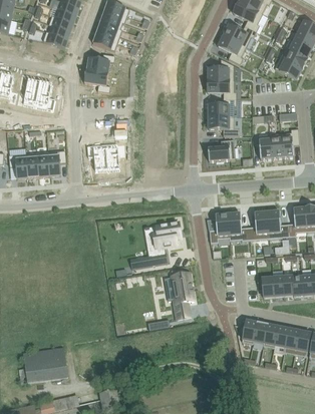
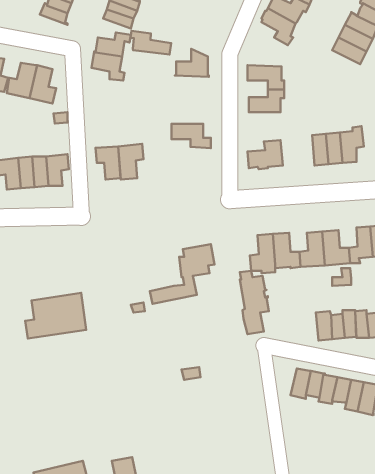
building: none -> [130,31,171,55]
building: [207,58,234,80] -> [175,49,209,77]
building: [208,116,239,135] -> [172,124,211,148]
building: [171,268,194,318] -> [240,271,269,334]
building: [18,346,66,382] -> [25,293,86,339]

